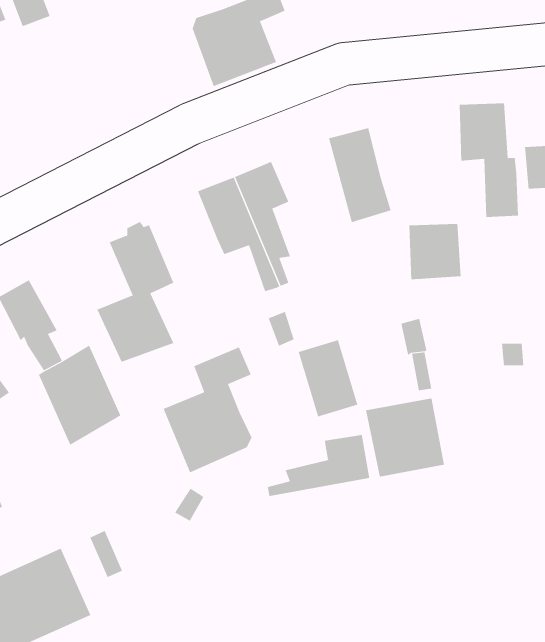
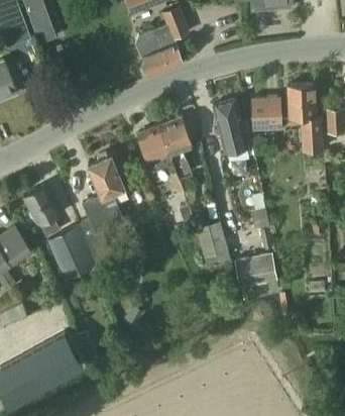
building: [409,223,462,280] -> [250,97,280,129]
building: [163,347,252,473] -> none
building: [267,434,370,497] -> none

